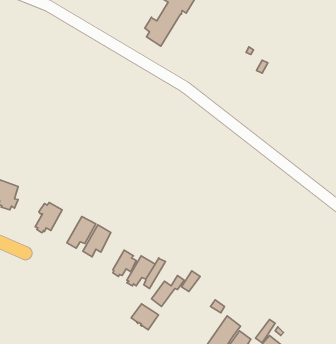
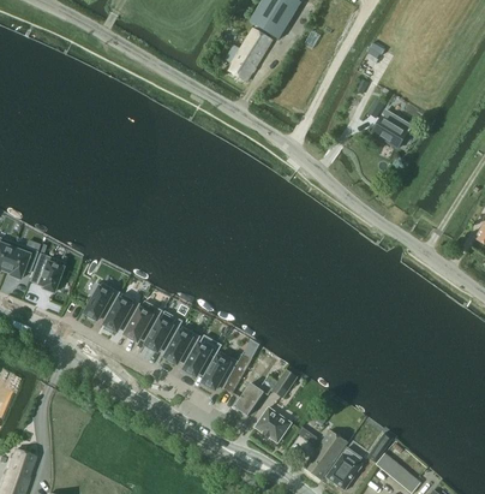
building: none -> [372,111,412,148]
building: none -> [106,293,140,332]
building: none -> [166,326,200,364]
building: [131,304,158,330] -> [256,409,291,442]

